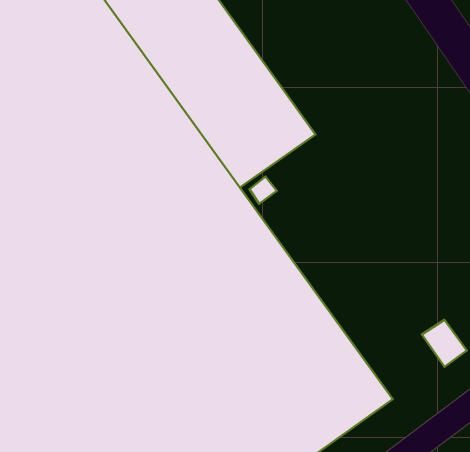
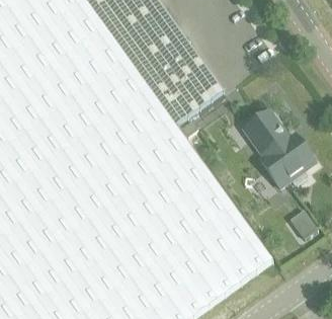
building: none -> [244,108,315,185]

